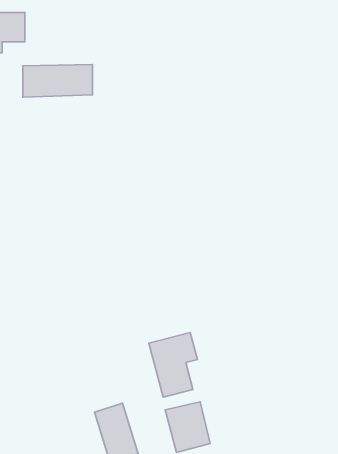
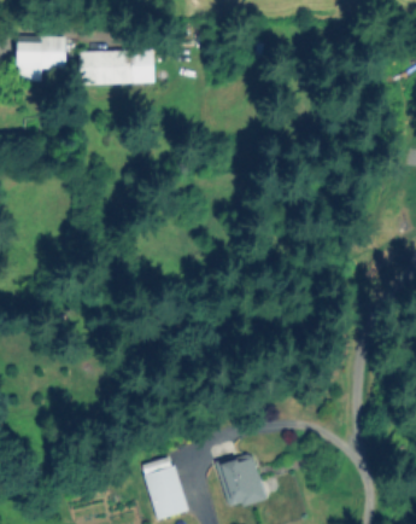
building: [23,65,92,97] -> [80,50,154,85]
building: [149,332,197,397] -> none

